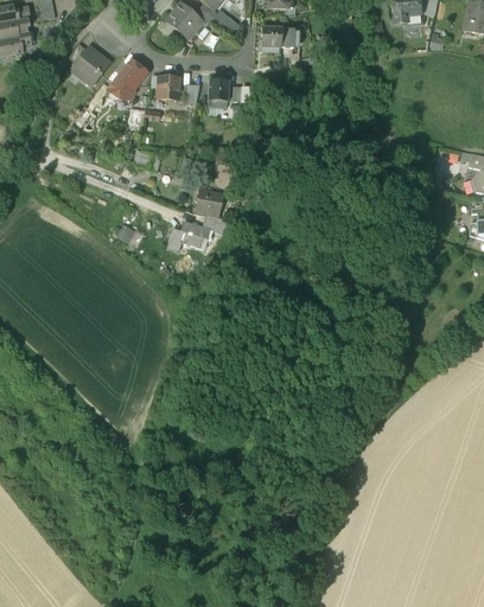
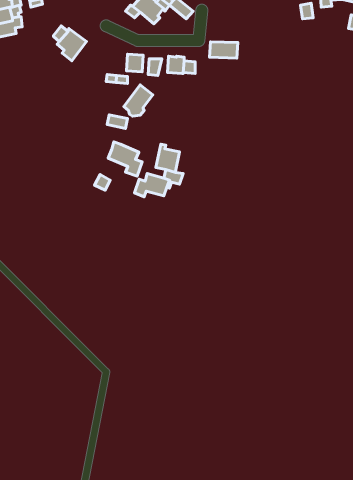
building: [260,25,294,45] -> [210,42,238,58]
building: [109,59,145,97] -> [124,85,153,116]
building: none -> [108,142,142,176]

